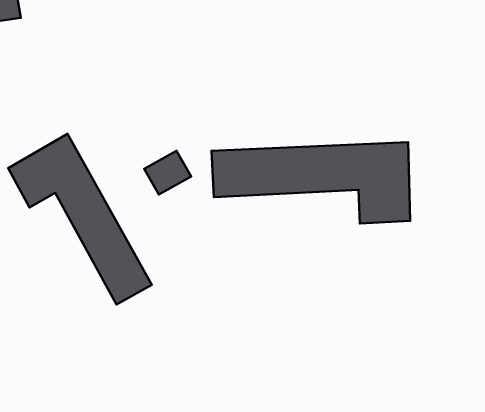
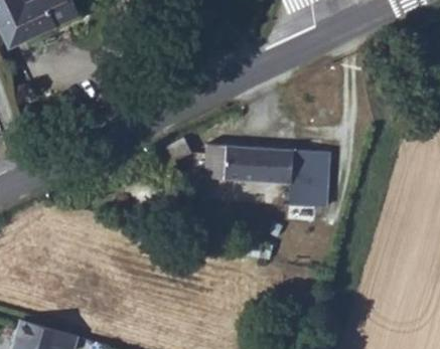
building: [8,134,152,305] -> none

